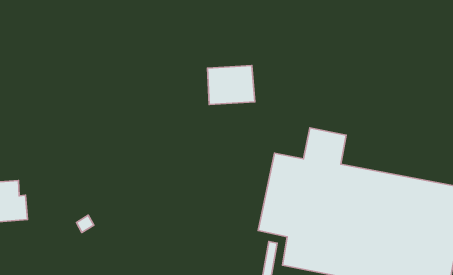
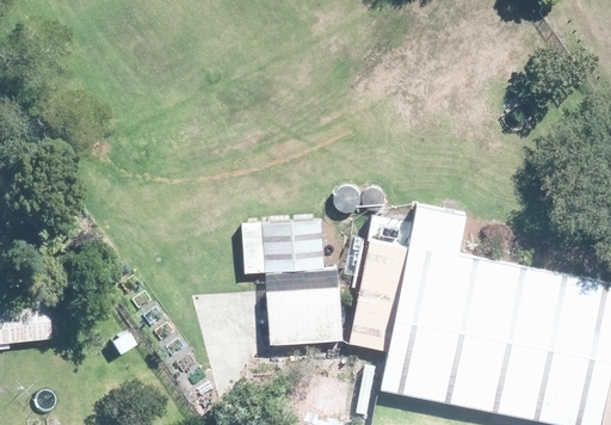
building: [207,65,255,105] -> [264,214,326,265]
building: none -> [266,288,340,344]

